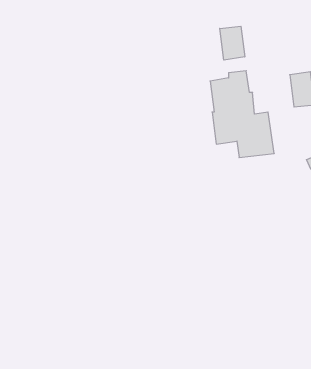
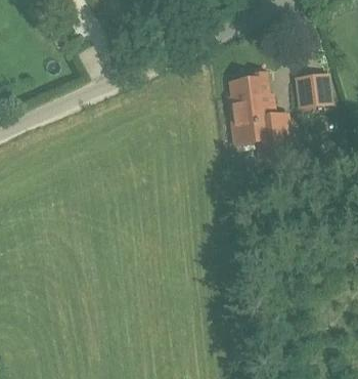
building: [220,26,245,60] -> none

